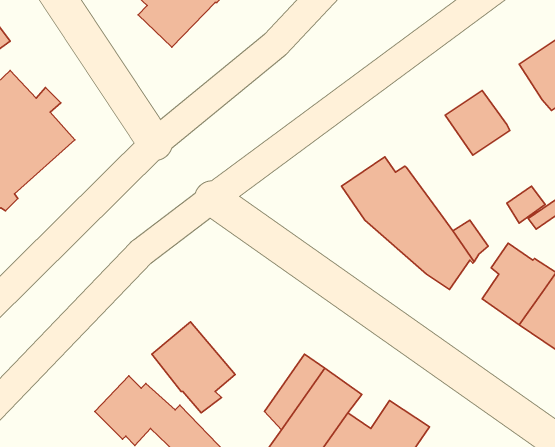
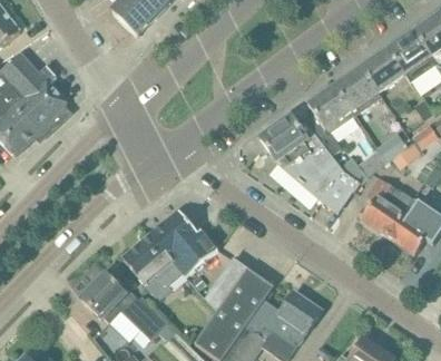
building: none -> [360,48,403,91]
building: none -> [302,85,354,156]
building: none -> [149,211,217,276]

